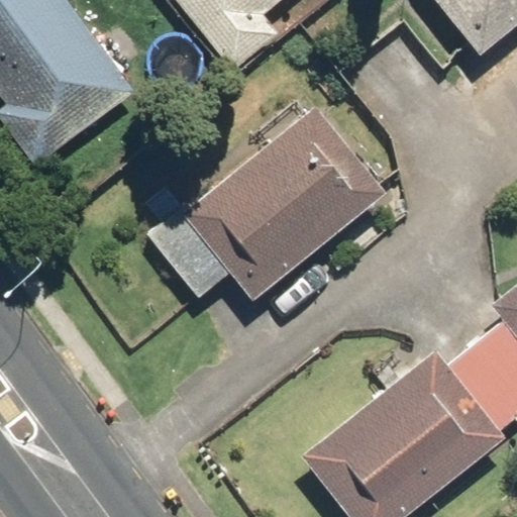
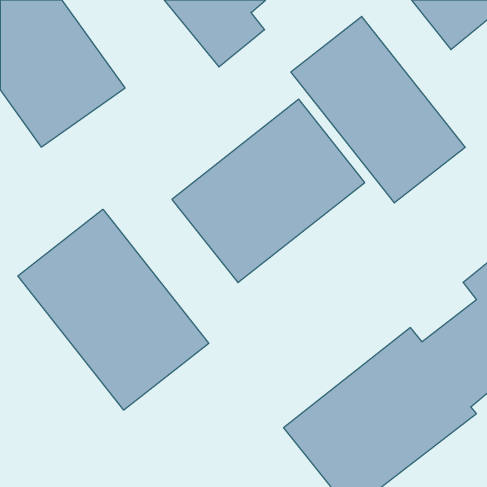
building: none -> [291,16,465,203]
building: none -> [18,209,209,410]

